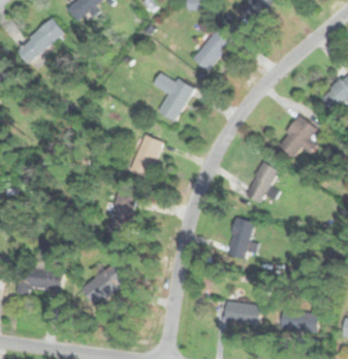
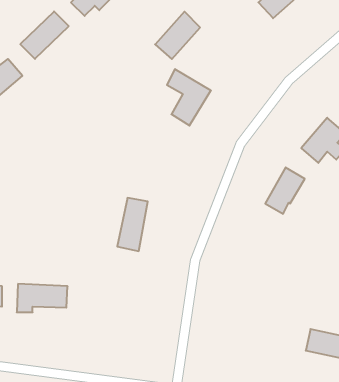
building: [191,29,232,72] -> [155,12,200,59]
building: [130,135,163,178] -> none
building: [221,219,256,261] -> none
building: [81,261,129,304] -> none
building: [223,301,251,323] -> none

